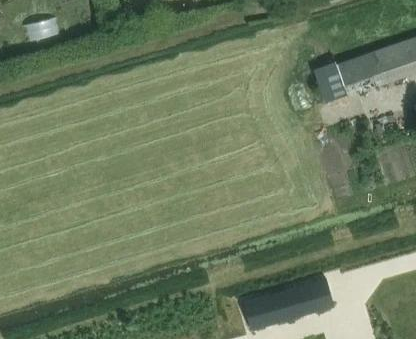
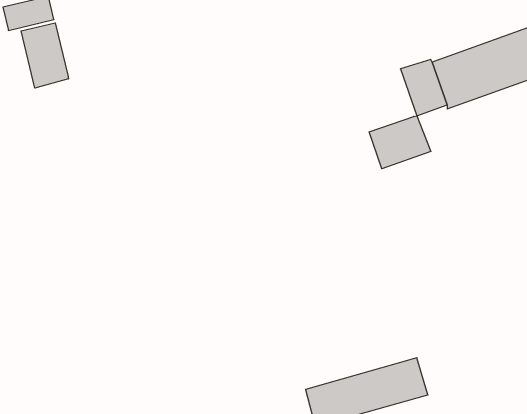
building: none -> [21,23,68,88]
building: none -> [369,116,431,169]

